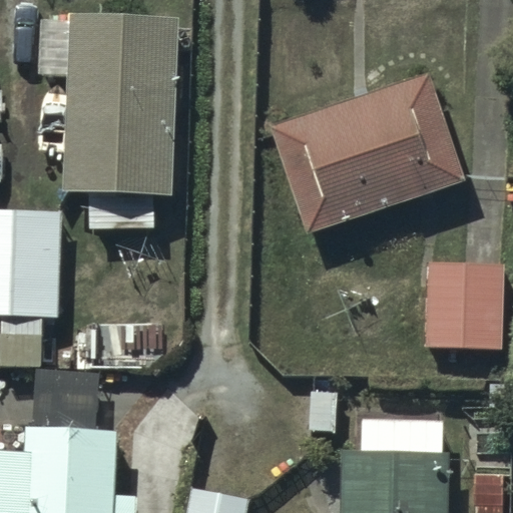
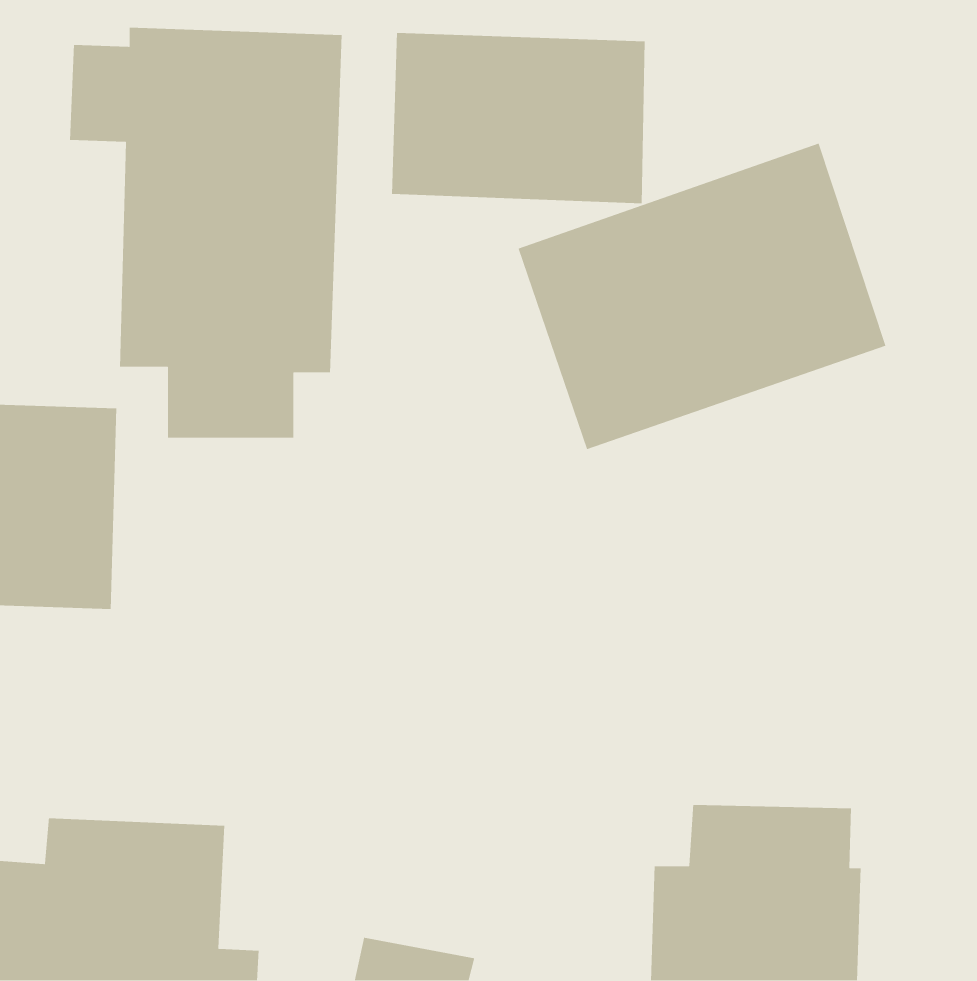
building: none -> [391,32,646,204]
building: [426,264,504,350] -> none

